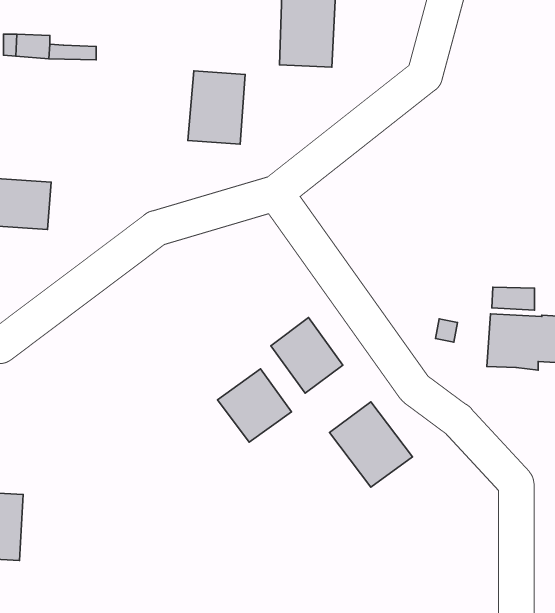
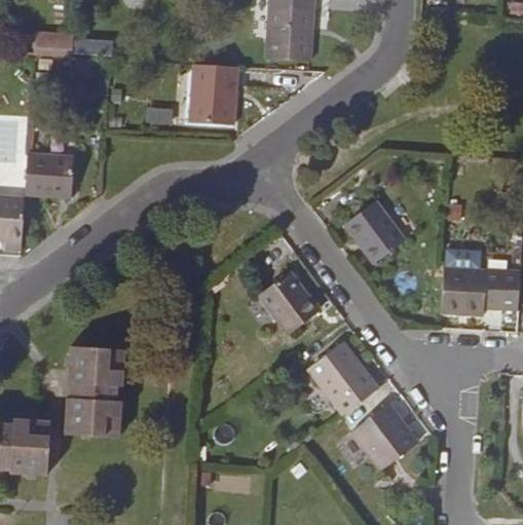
building: none -> [344,201,405,264]
building: [217,369,291,442] -> none
building: none -> [65,347,123,438]
building: none -> [351,403,417,471]

